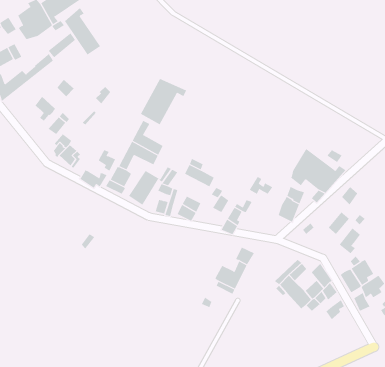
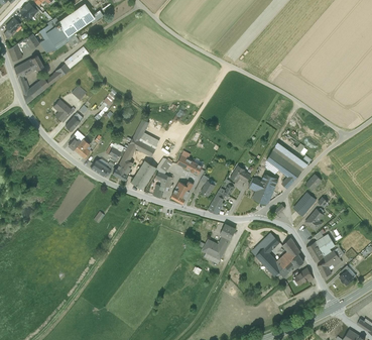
building: [64,7,101,55] -> none
building: [140,78,187,125] -> none

